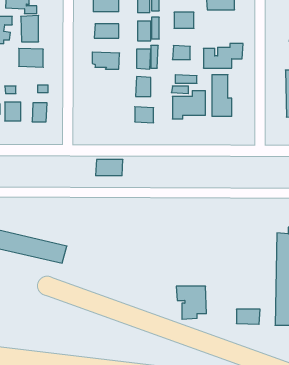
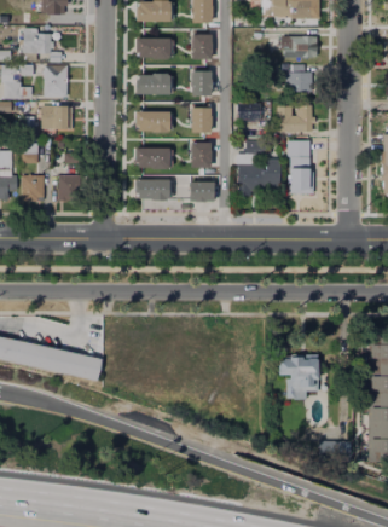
building: [174,12,194,28] -> [286,71,312,92]
building: none -> [134,146,168,169]
building: [96,160,123,176] -> [133,179,168,199]
building: [176,286,206,319] -> [279,357,318,399]

